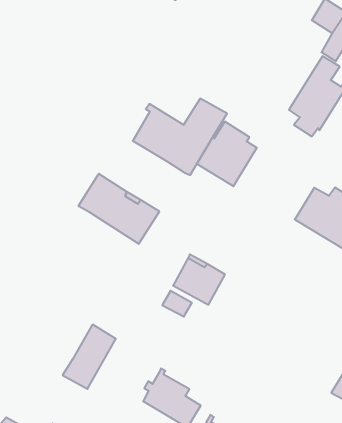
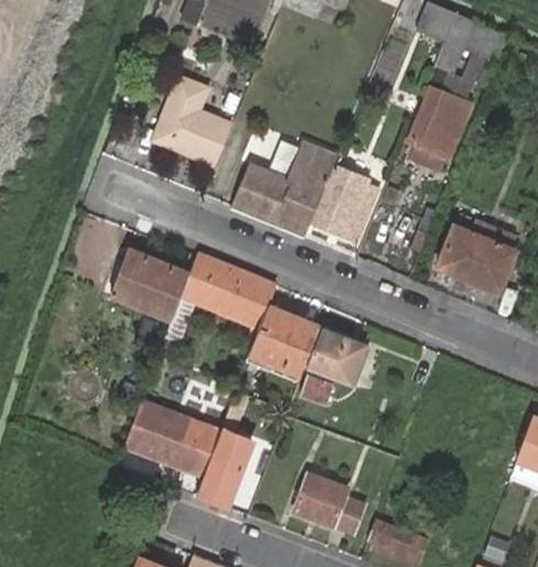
building: none -> [154,79,231,166]
building: none -> [112,254,188,323]
building: none -> [249,307,320,374]
building: none -> [125,403,220,476]

